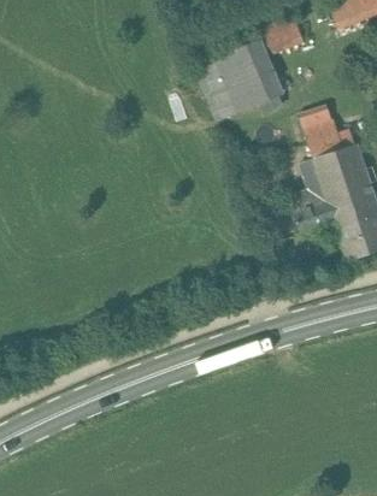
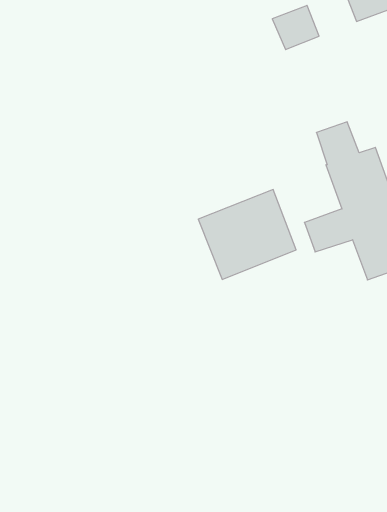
building: [195,40,283,120] -> [198,190,296,279]

